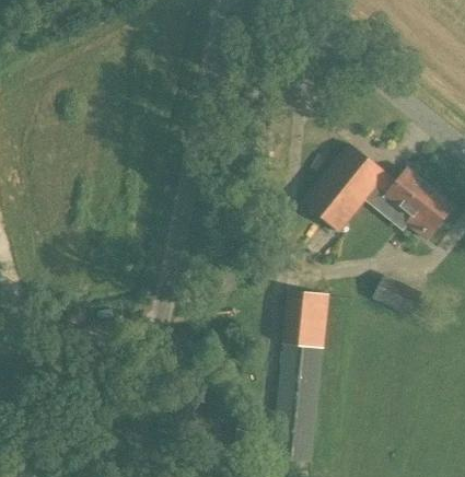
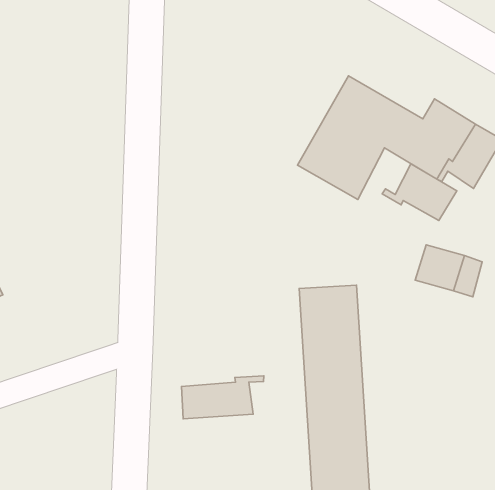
building: none -> [382,164,457,221]
building: none -> [181,376,264,419]

